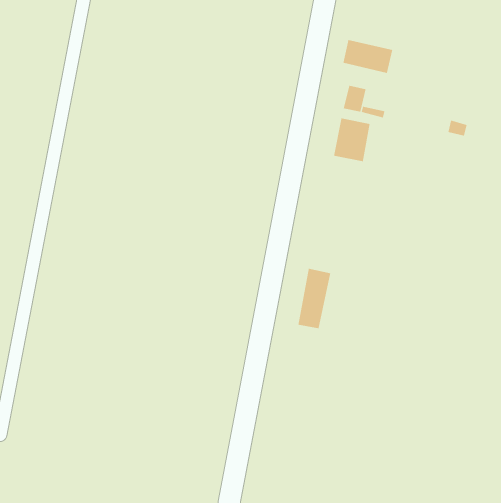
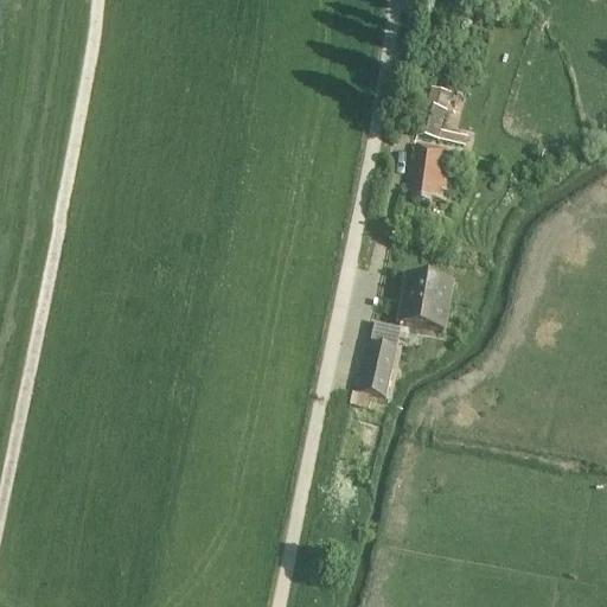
building: [343,39,393,74] -> none
building: none -> [398,273,454,328]

